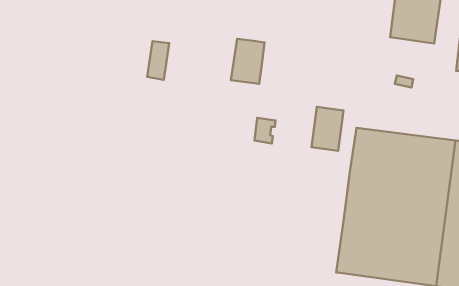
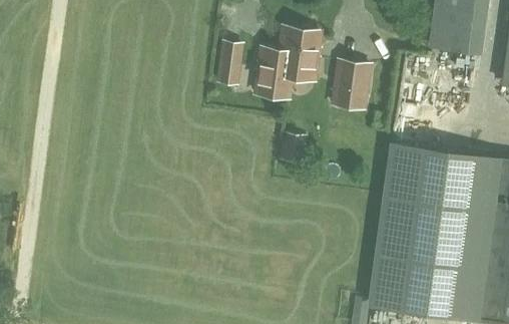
building: none -> [282,27,320,80]
building: [147,41,169,80] -> [218,43,242,85]
building: [311,107,344,151] -> [334,61,369,109]

